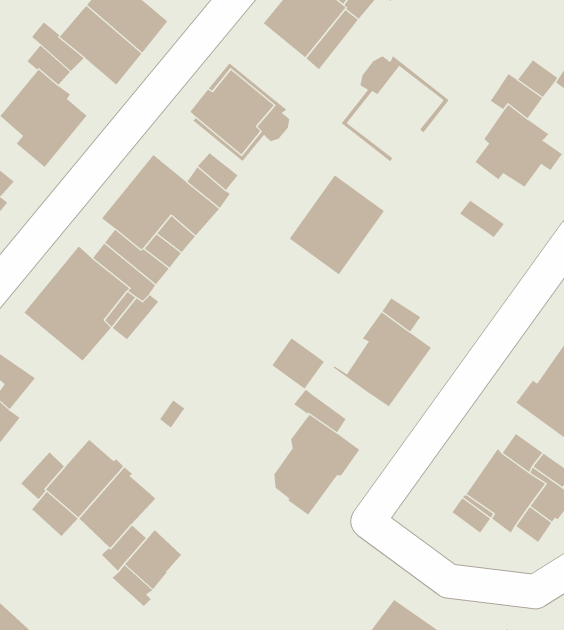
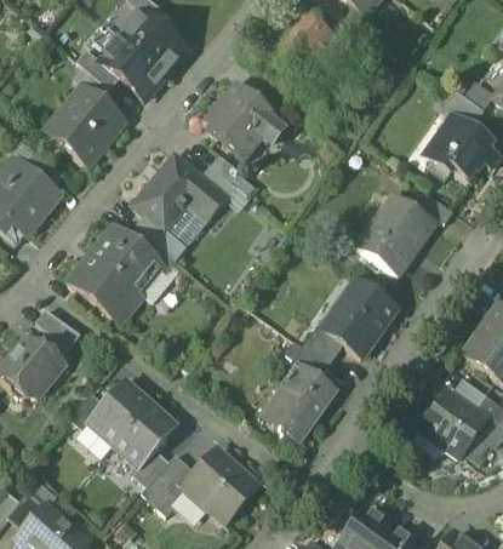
building: [341,55,449,162] -> none
building: [289,175,385,275] -> [358,195,434,275]
building: [271,338,325,389] -> [301,325,343,366]
building: none -> [184,450,257,521]

